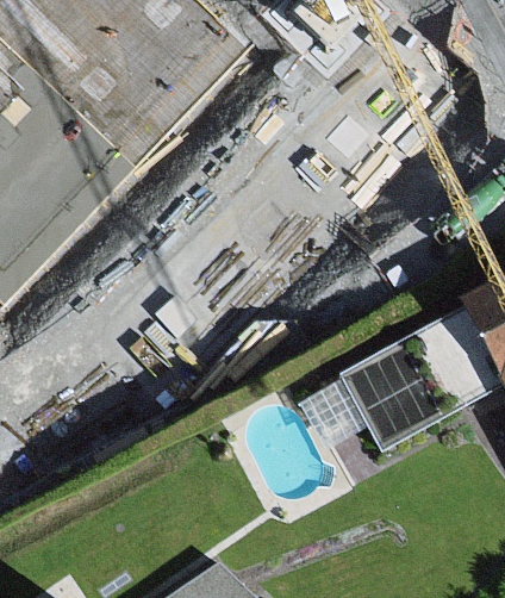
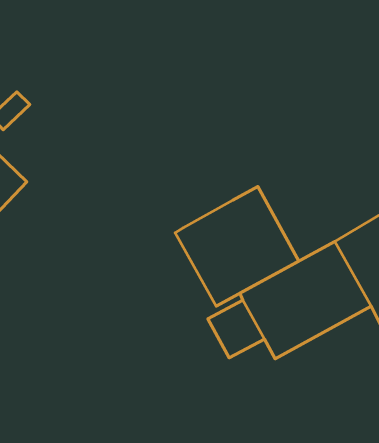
building: none -> [175,187,299,306]

